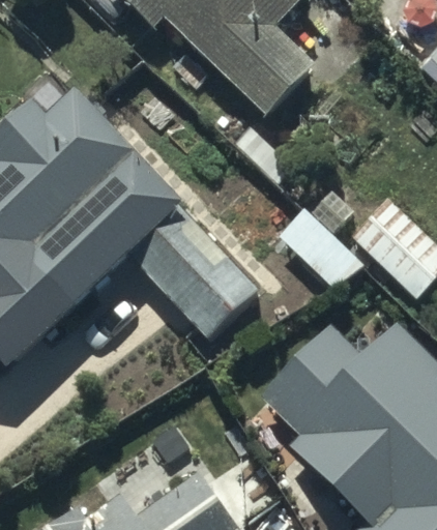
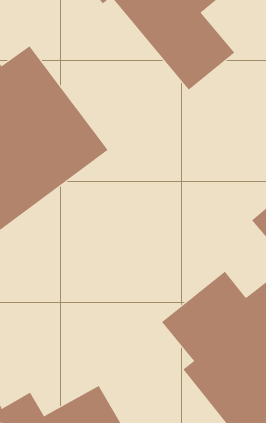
building: [128,209,261,343] -> none

